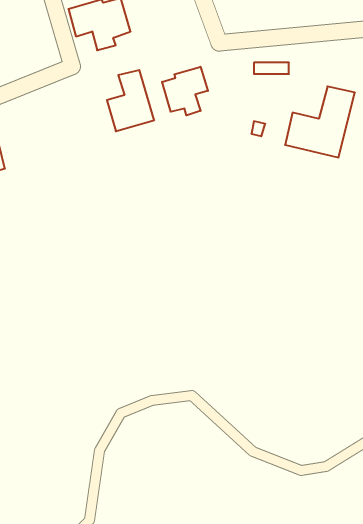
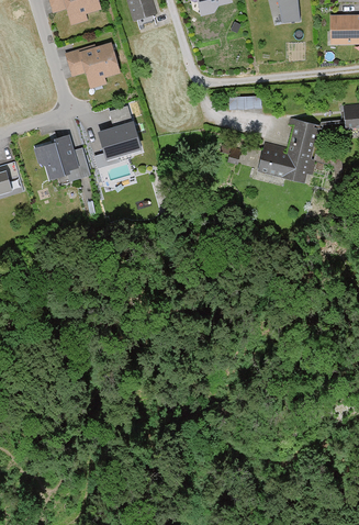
building: [162,67,208,115] -> none
building: none -> [32,135,90,181]

